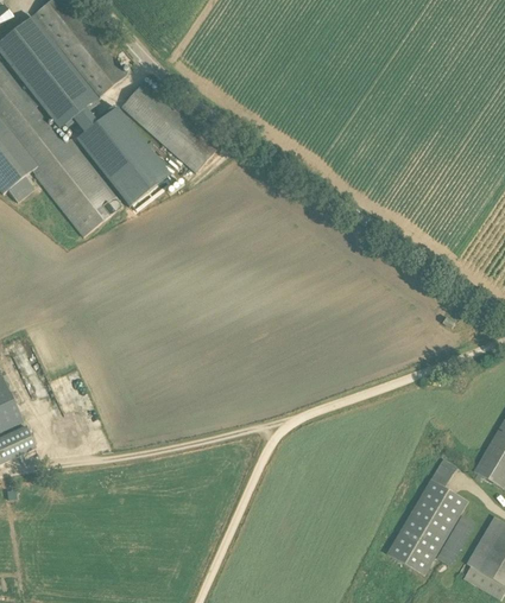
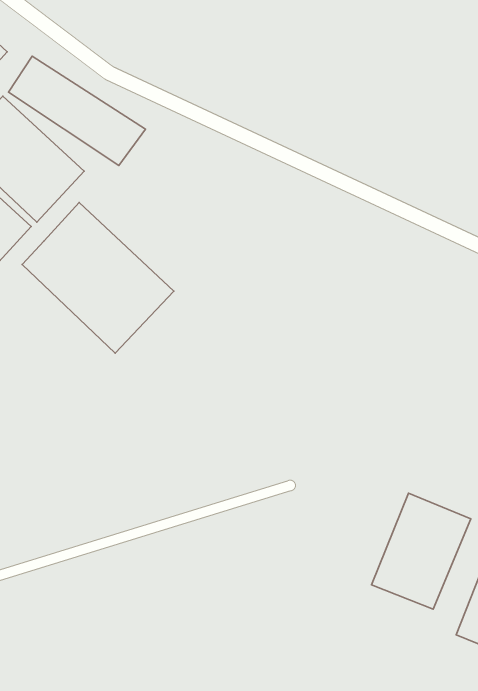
building: none -> [22,203,174,353]
building: none -> [371,493,471,609]

